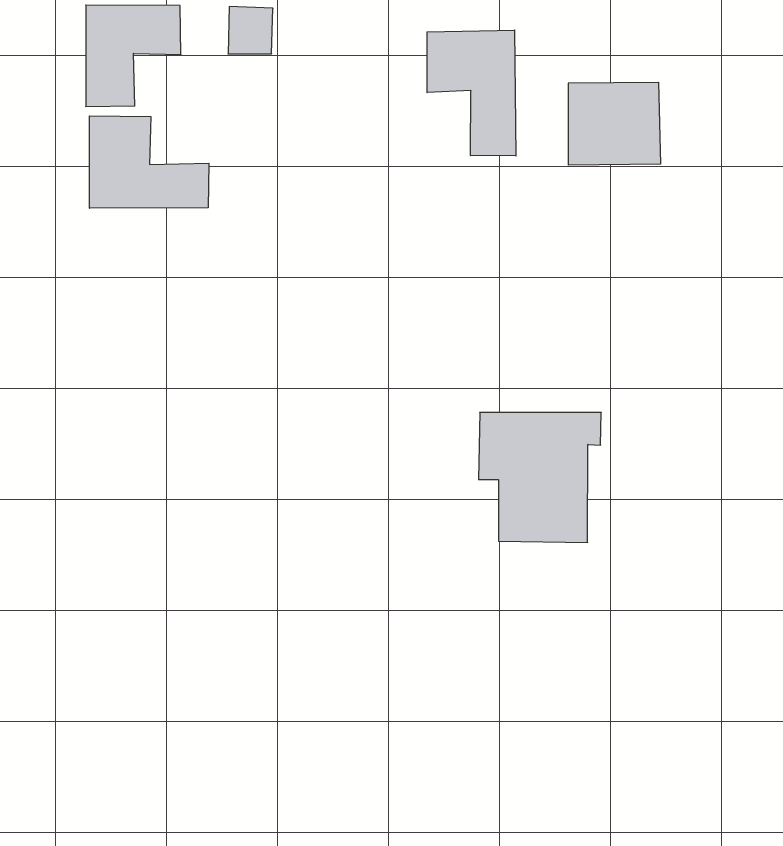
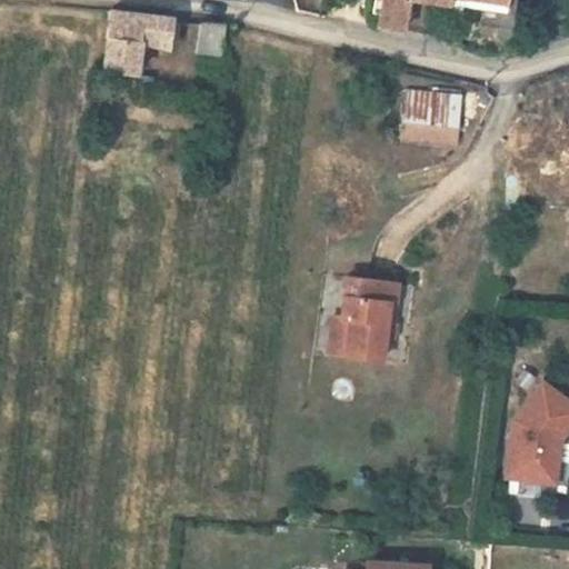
building: [427,30,516,156] -> none
building: [90,116,209,208] -> none

